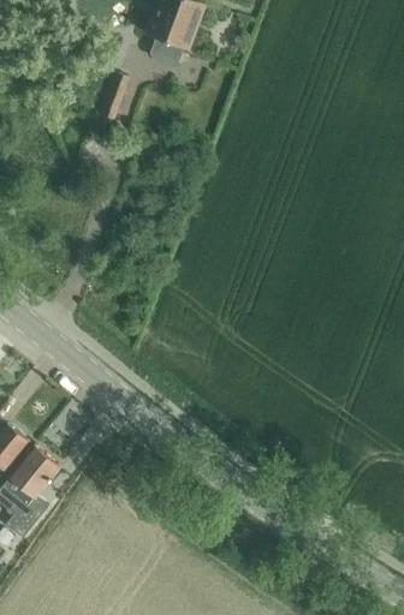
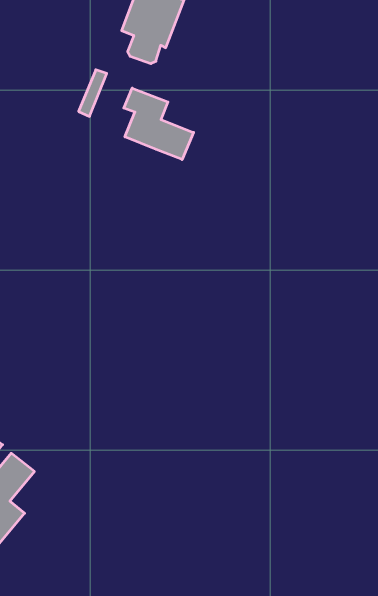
building: none -> [124,88,194,160]

